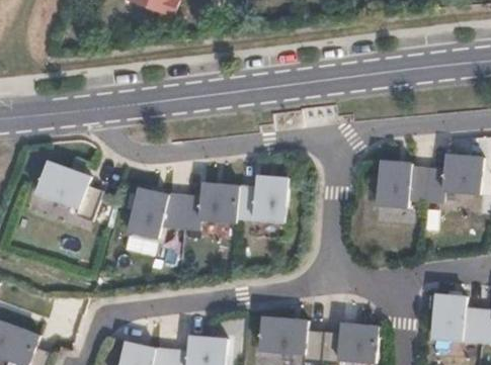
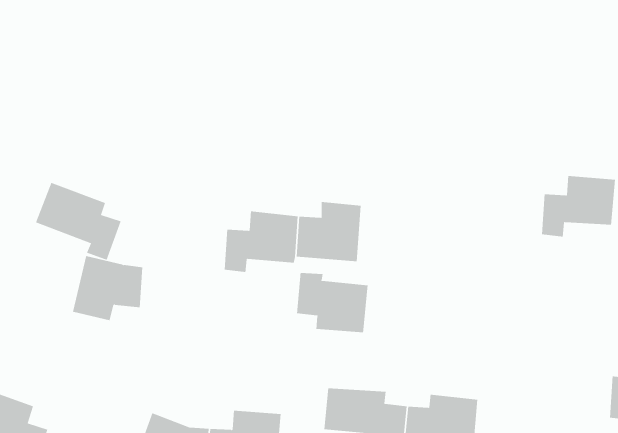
building: [378,160,428,207] -> none
building: [129,187,183,238] -> [72,255,143,321]
building: none -> [297,272,368,333]
building: [431,294,481,342] -> none

